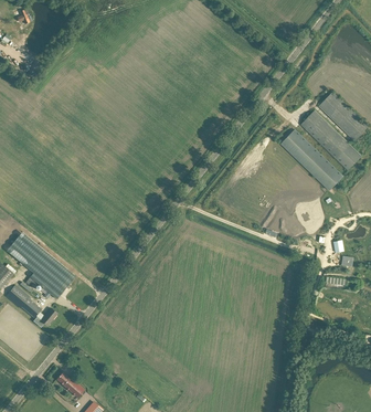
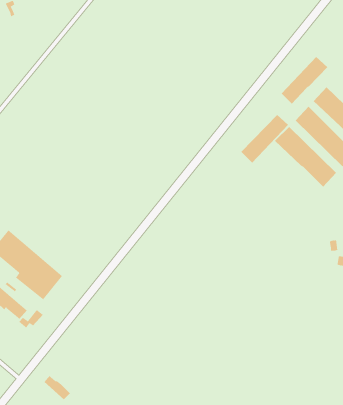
building: none -> [281,56,328,105]
building: none -> [241,114,289,164]

